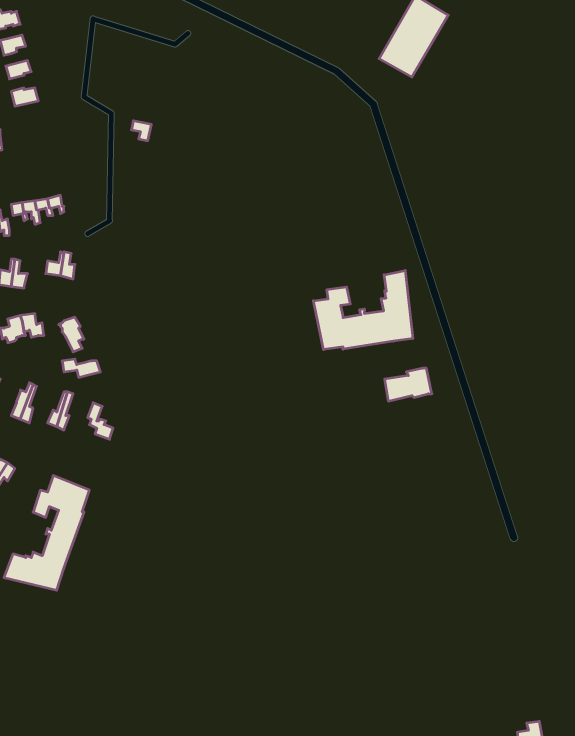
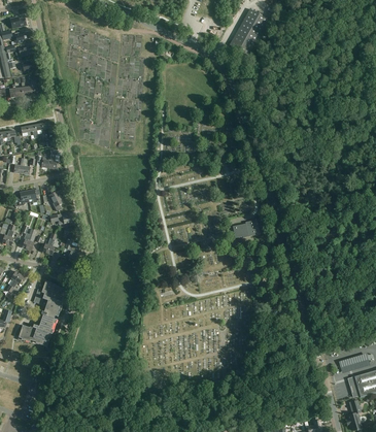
building: [313,270,413,350] -> none

